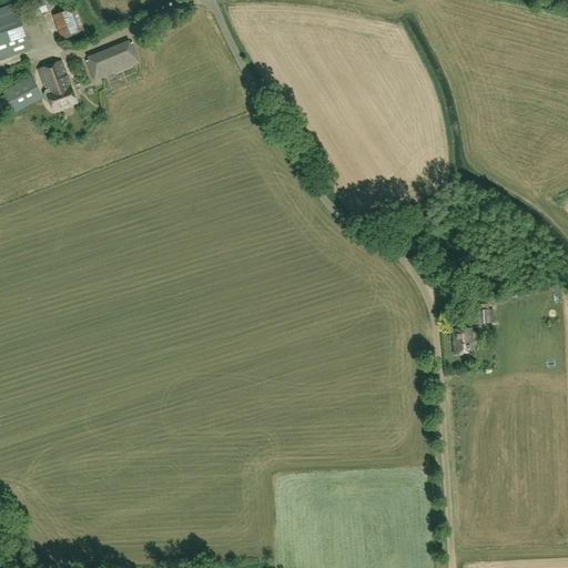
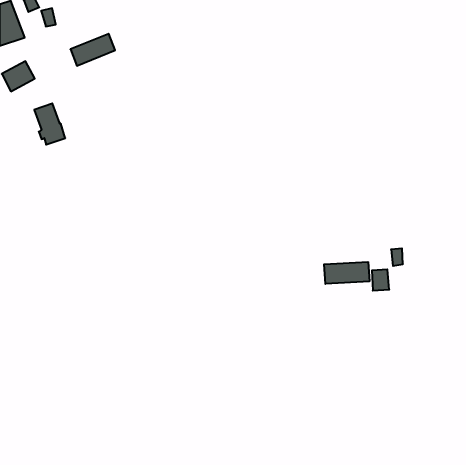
building: [38,60,75,110] -> [34,103,65,145]
building: none -> [324,262,369,284]

